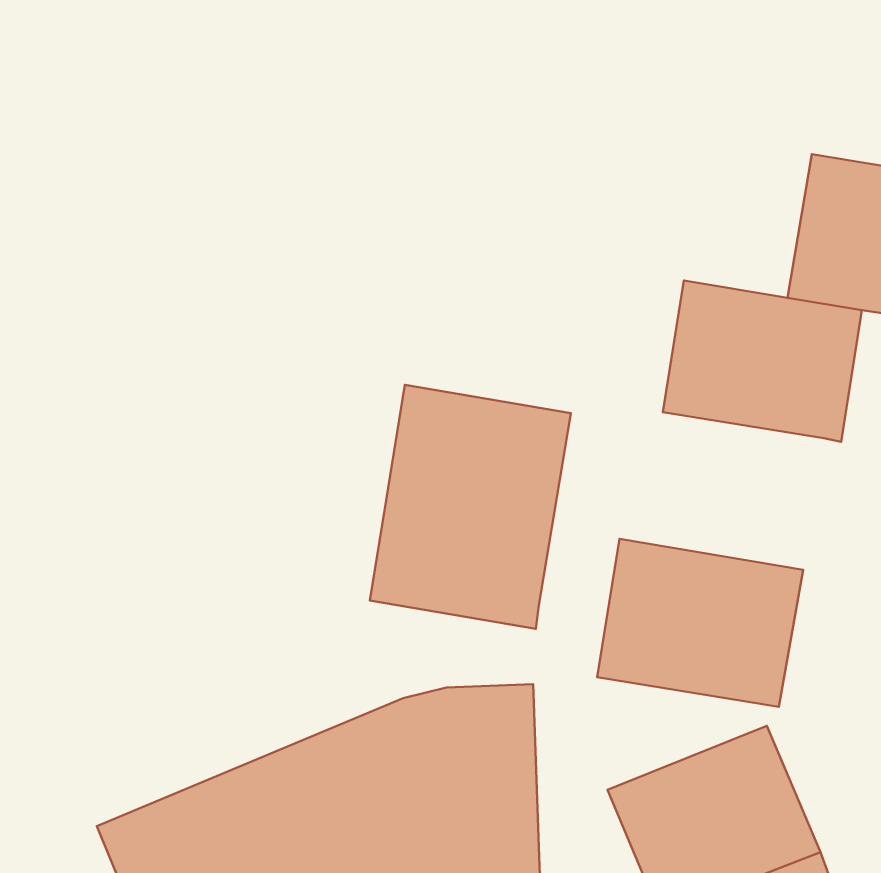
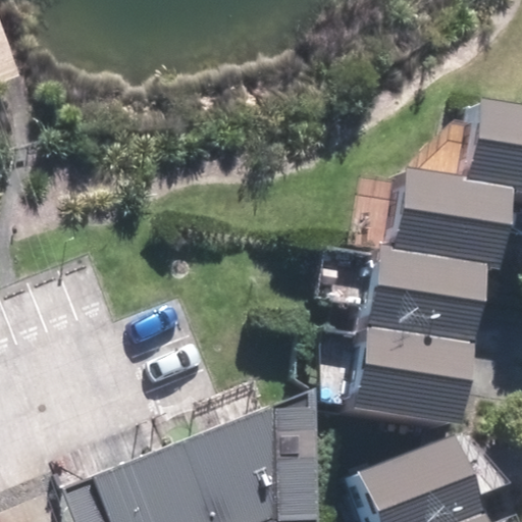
building: [370,385,571,629] -> none
building: none -> [367,248,487,343]

